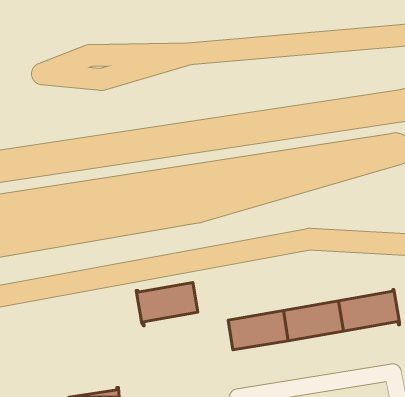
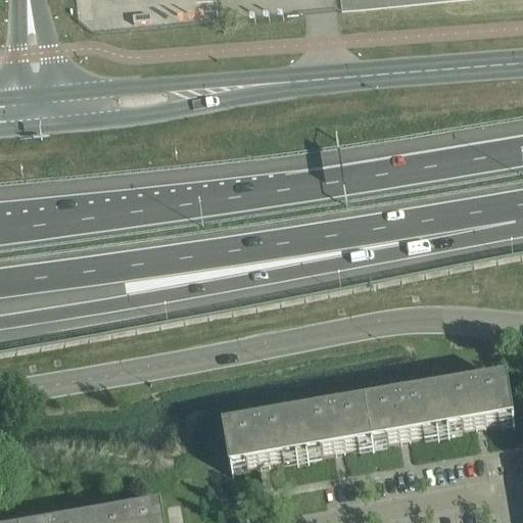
building: [136,283,198,326] -> [219,408,297,463]

